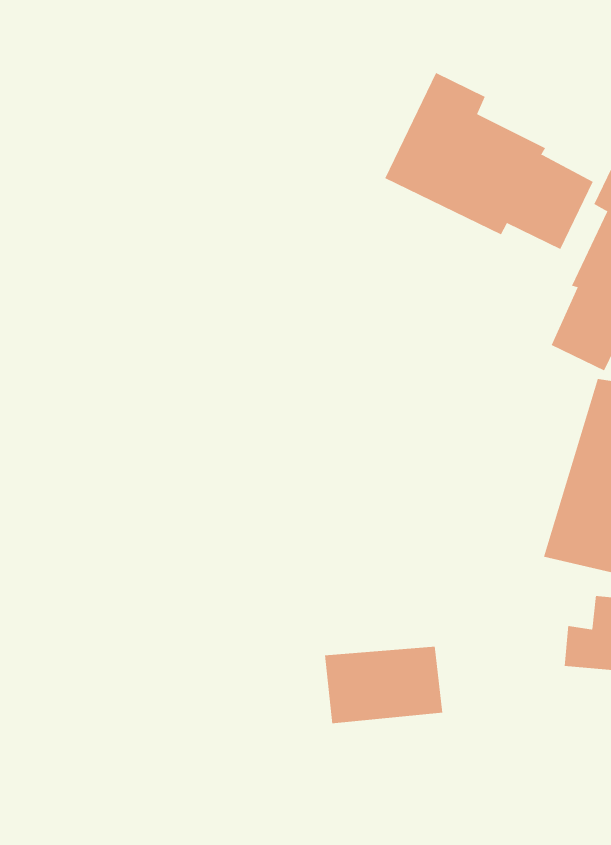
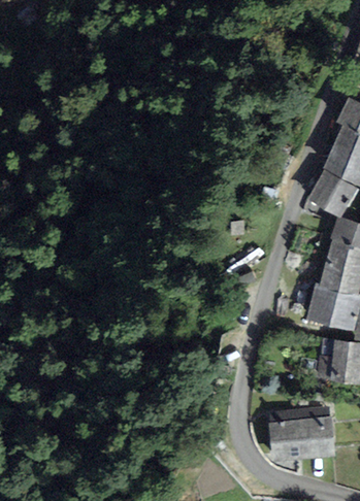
building: [385,72,594,250] -> none
building: [324,646,443,724] -> [268,416,334,460]

